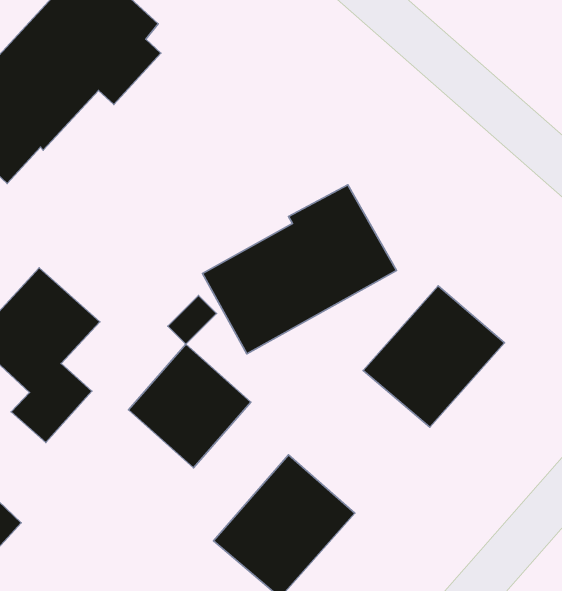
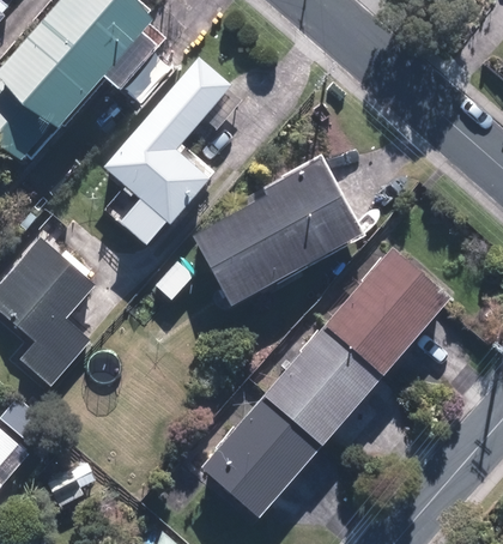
building: none -> [111,50,250,237]
building: [129,344,251,468] -> none
building: none -> [261,322,383,446]

